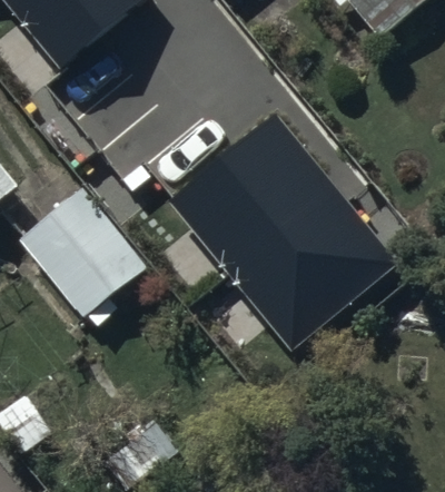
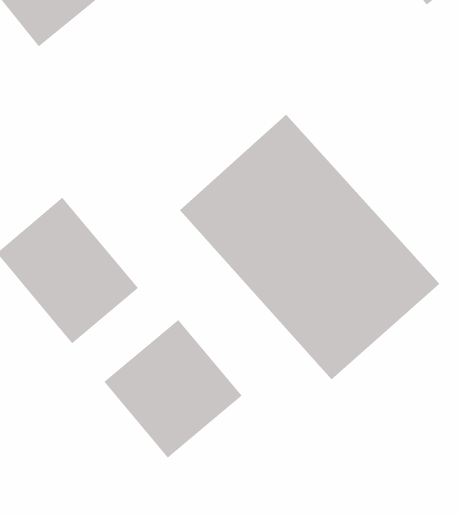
building: none -> [104,319,243,458]

